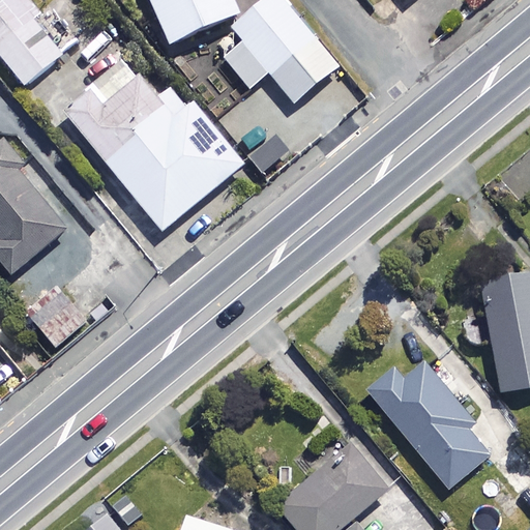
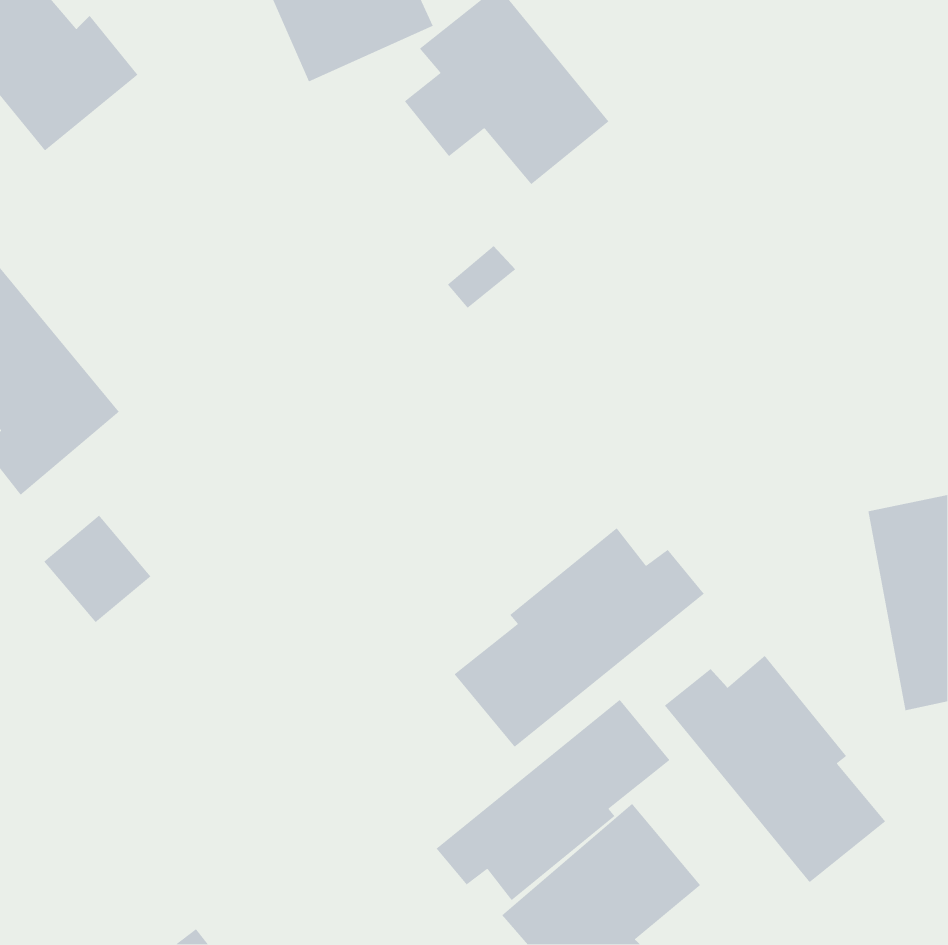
building: [64,61,243,230] -> none
building: none -> [454,527,705,748]
building: none -> [436,699,671,901]

